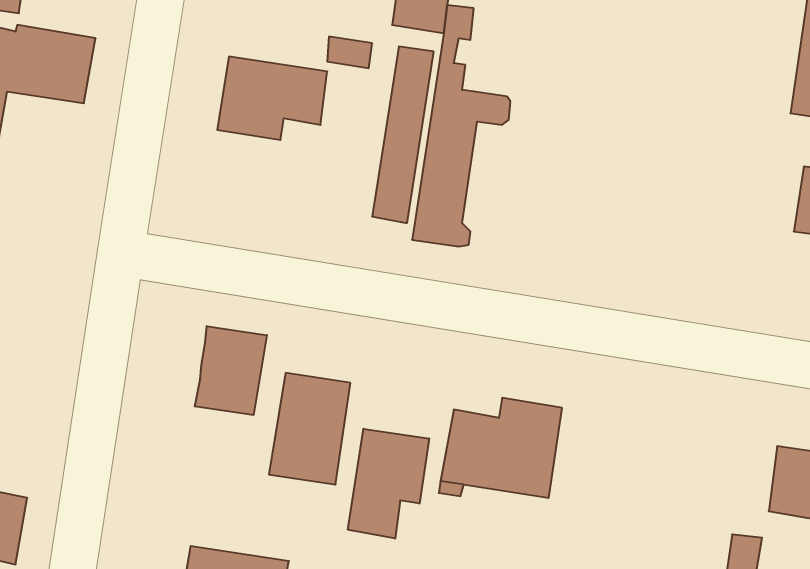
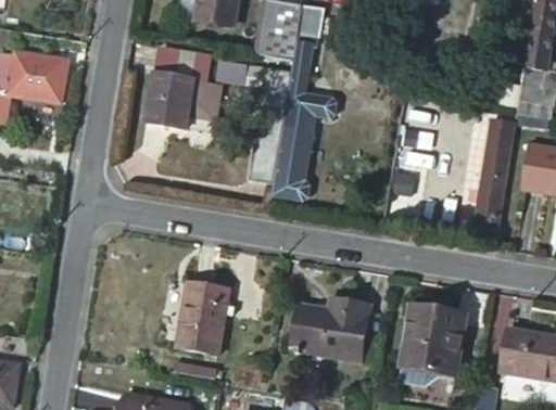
building: none -> [471,138,510,230]
building: [195,326,267,415] -> none
building: none -> [403,304,465,371]
building: [348,429,429,539] -> none

